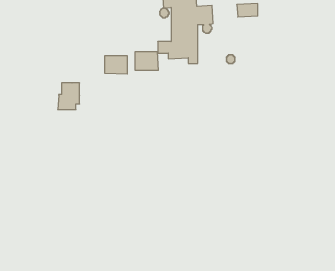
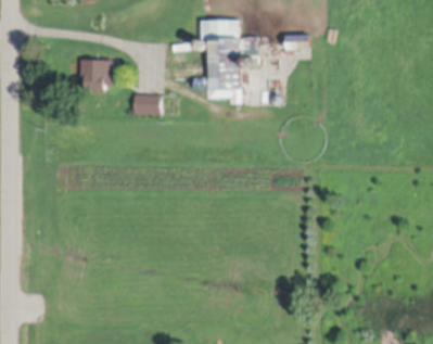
building: [135,52,158,70] -> none
building: [58,83,80,110] -> [82,60,107,90]

